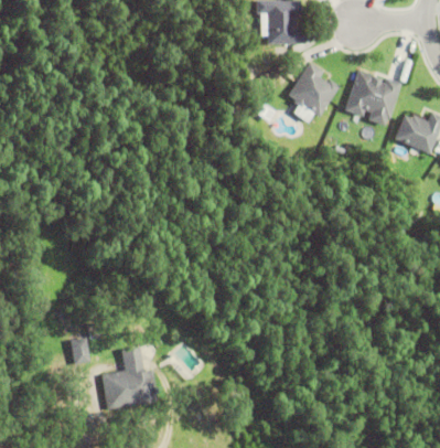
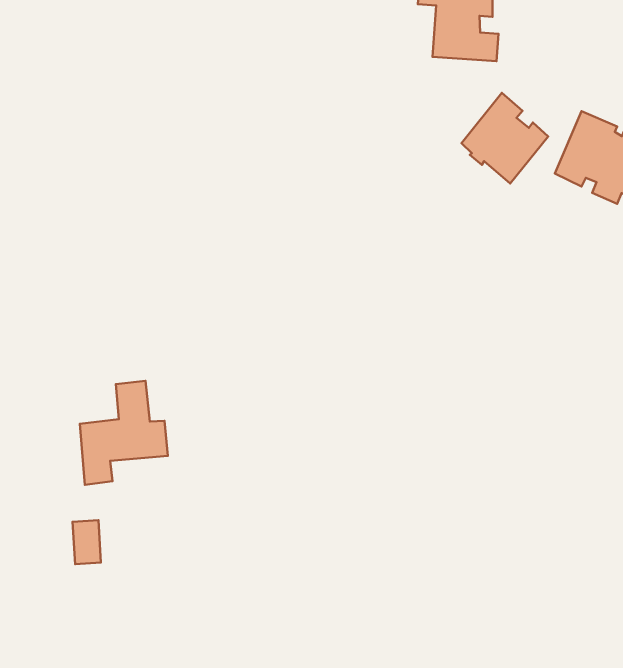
building: [100,346,154,412] -> [80,381,168,485]

